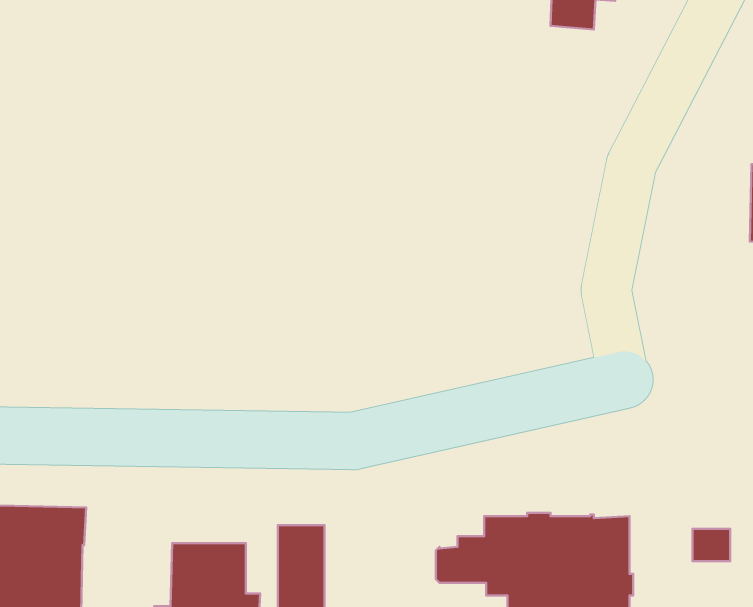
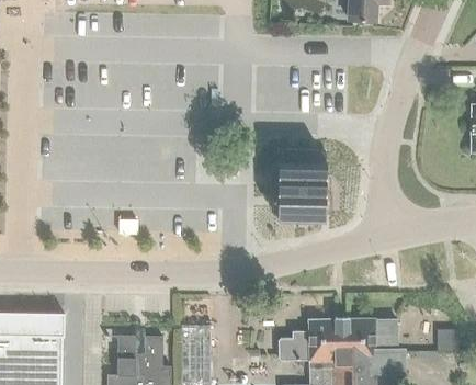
building: none -> [276,151,322,222]

